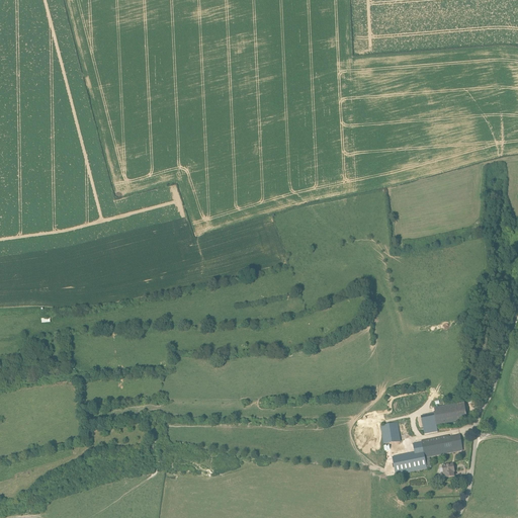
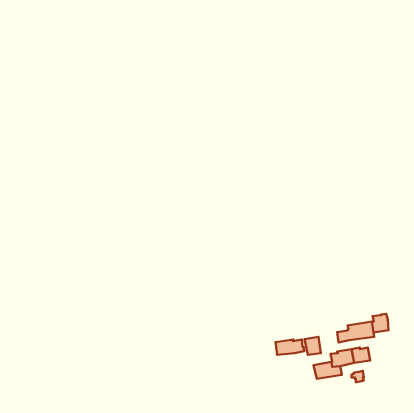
building: none -> [372,314,388,333]
building: none -> [275,339,304,355]

